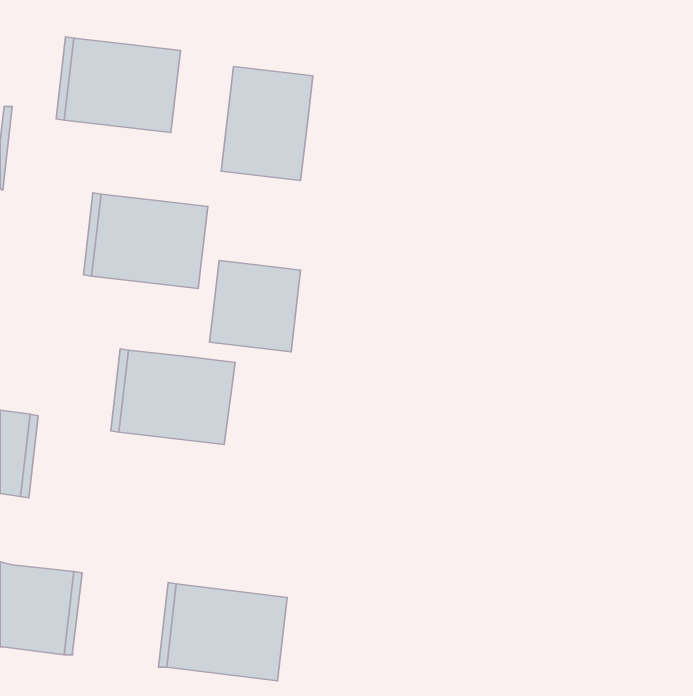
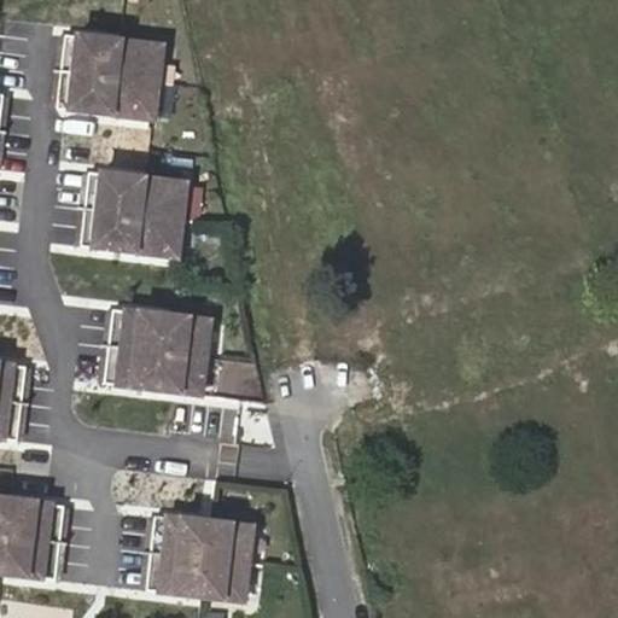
building: [221,66,313,180] -> none
building: [210,261,301,352] -> none

